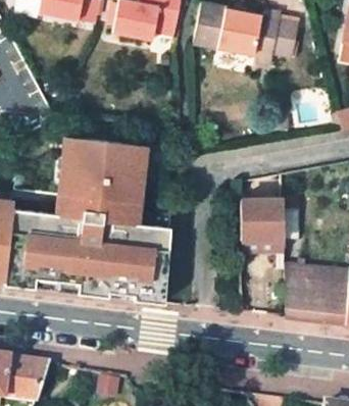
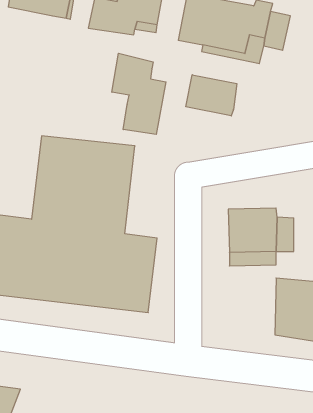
building: none -> [112,53,166,134]
building: none -> [186,75,237,116]

